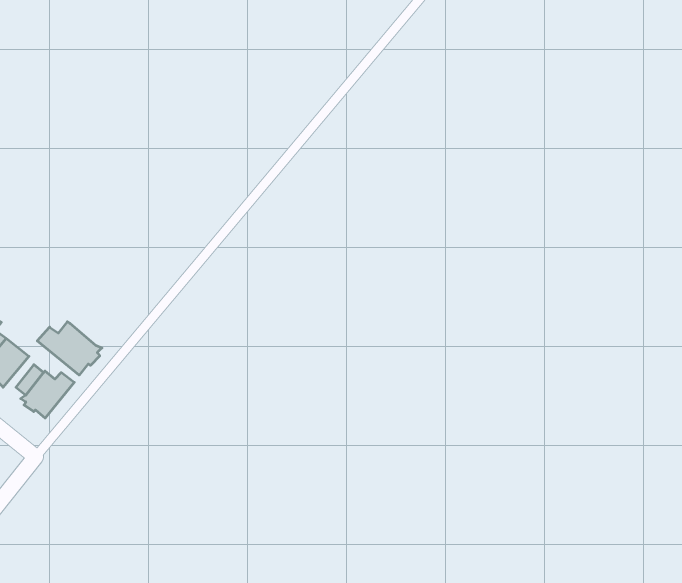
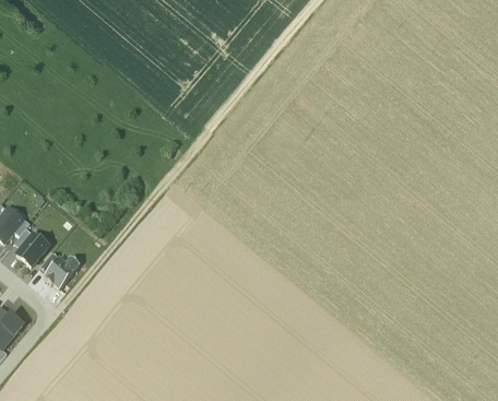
building: [37,322,102,375] -> none

